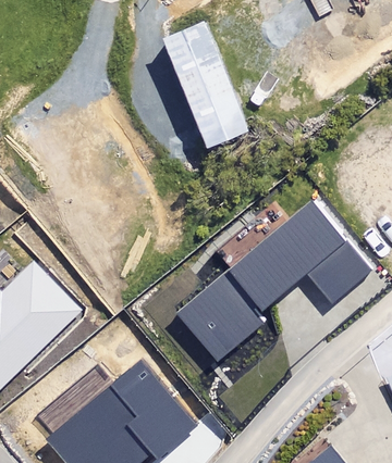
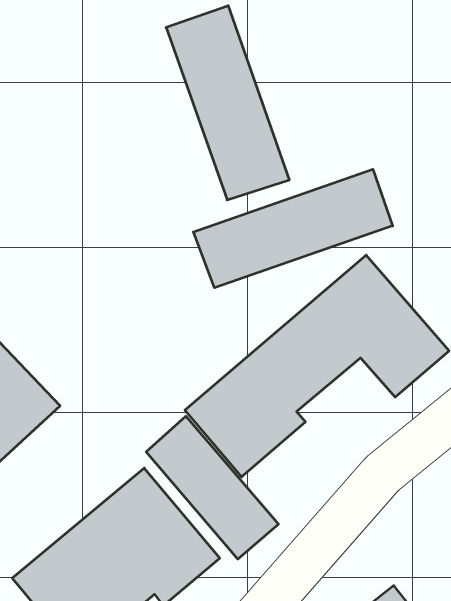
building: none -> [193,169,393,288]
building: none -> [146,416,278,559]

